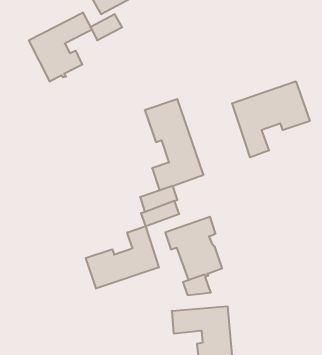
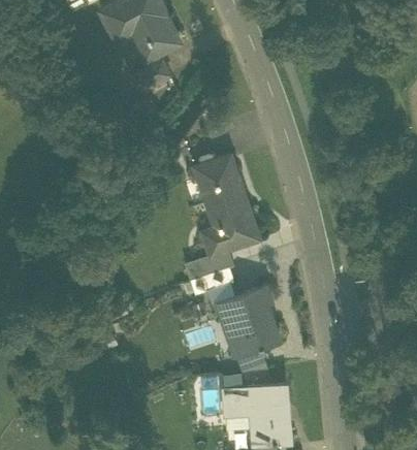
building: [29,12,92,82] -> none
building: [232,81,310,157] -> none
building: [86,226,159,289] -> none

